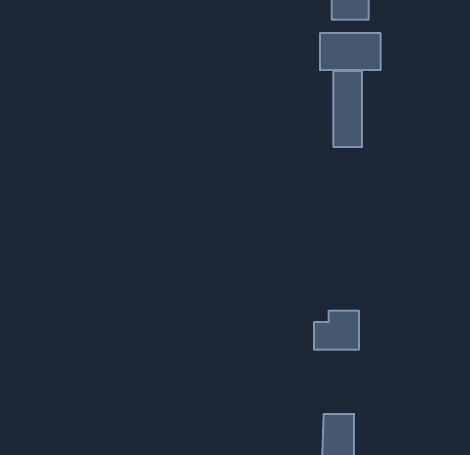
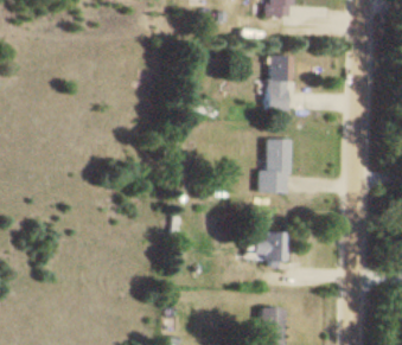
building: [320,33,380,70] -> none
building: none -> [260,139,291,192]

